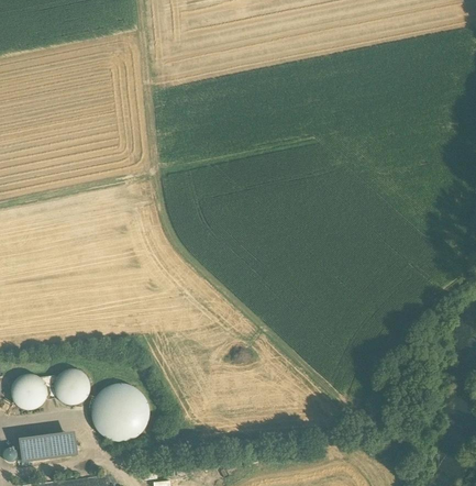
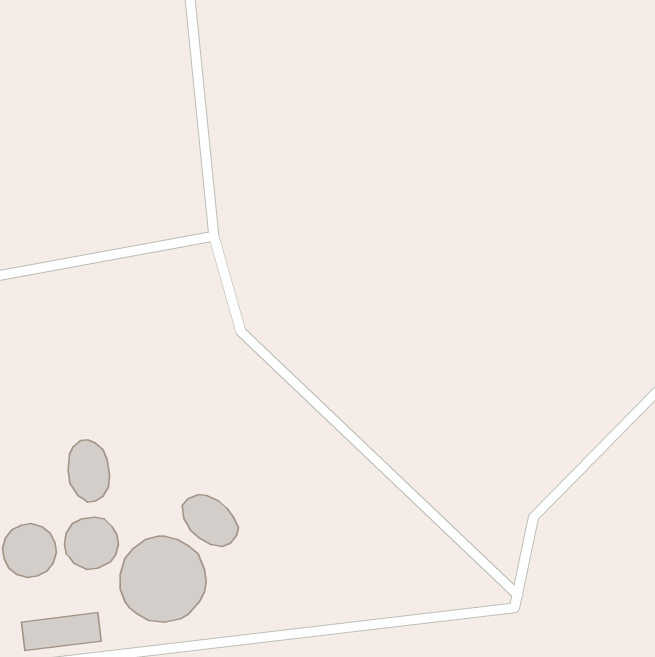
building: none -> [68,440,109,502]
building: none -> [182,494,238,547]

